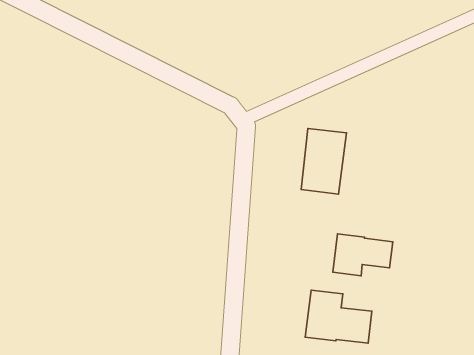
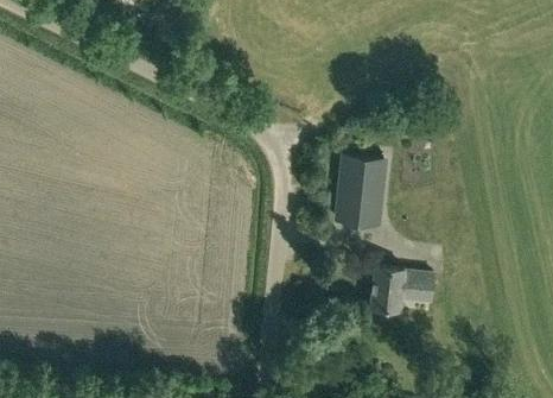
building: [305,290,372,343] -> none

